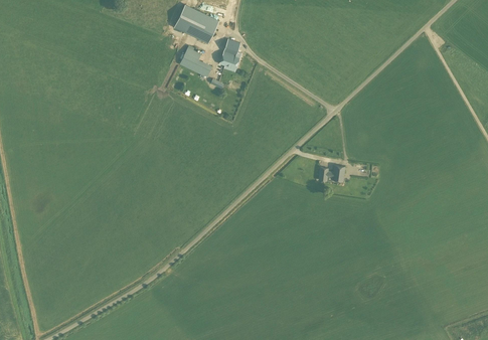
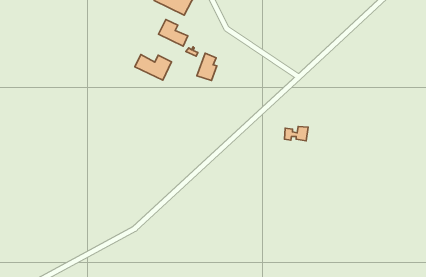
building: [218,37,240,67] -> [197,53,217,80]
building: none -> [135,54,171,80]

